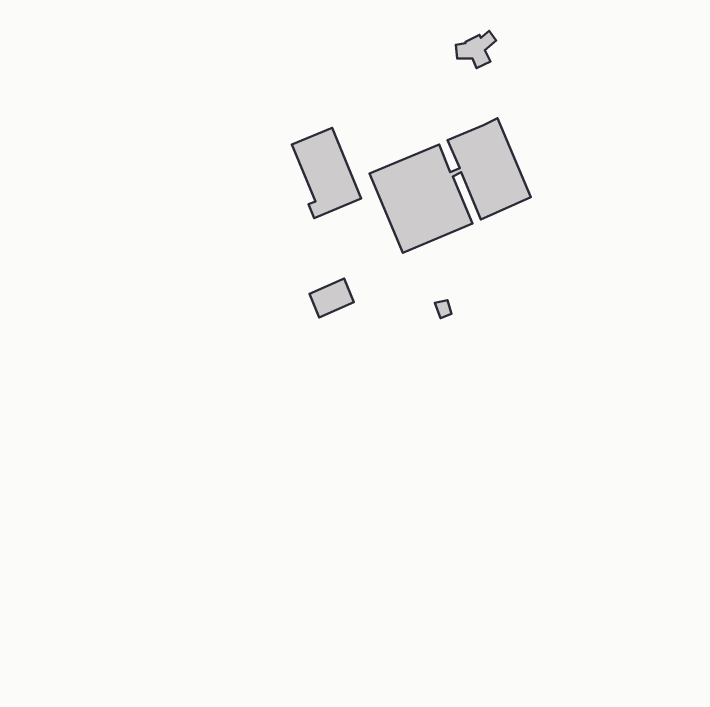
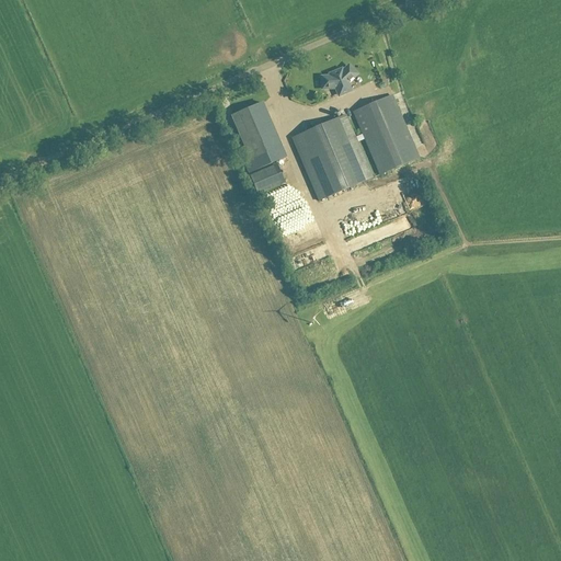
building: [456,31,496,68] -> [322,65,354,94]
building: [310,279,354,317] -> [248,163,283,194]

